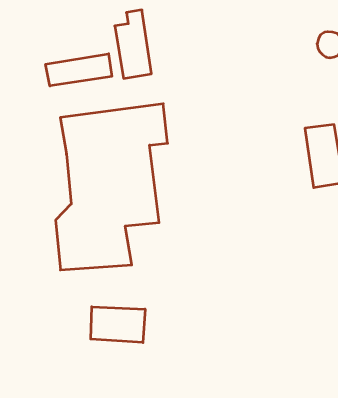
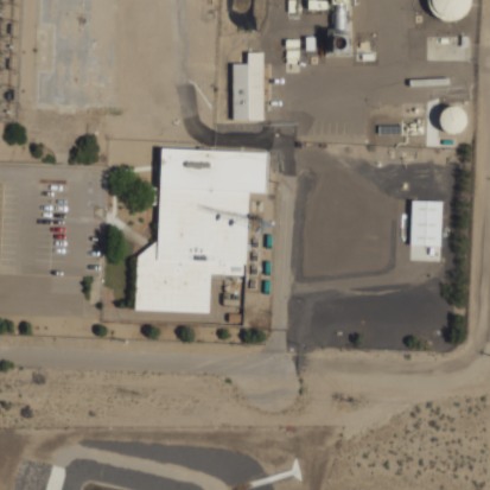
building: [46,54,112,86] -> none
building: [91,307,145,343] -> none

